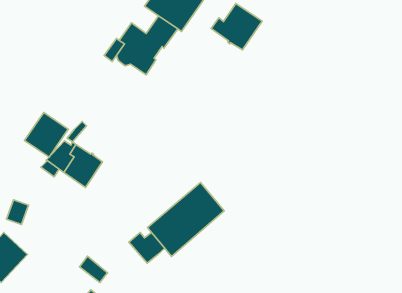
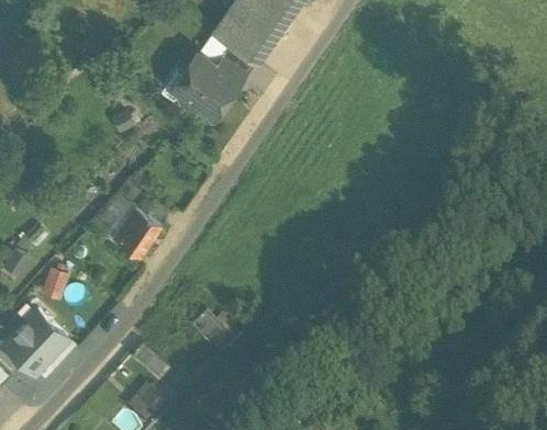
building: [211,4,262,50] -> none
building: [25,112,68,157] -> none
building: [147,183,224,256] -> none

